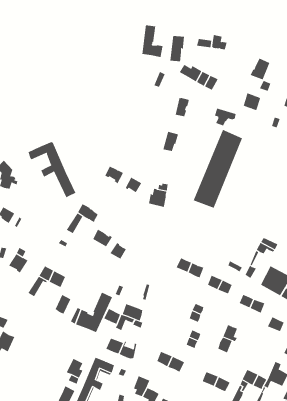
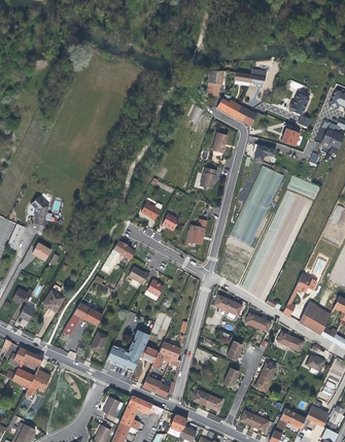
building: [142,25,163,58] -> none
building: [28,141,76,198] -> none

